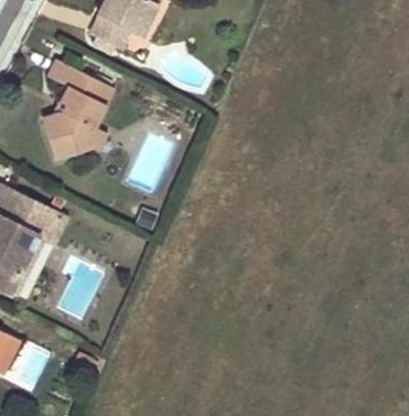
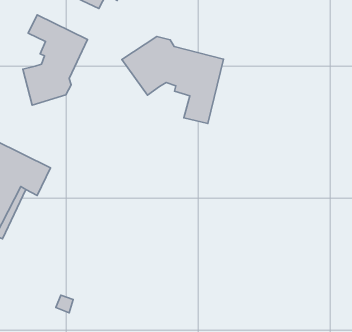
building: none -> [122,37,224,124]

